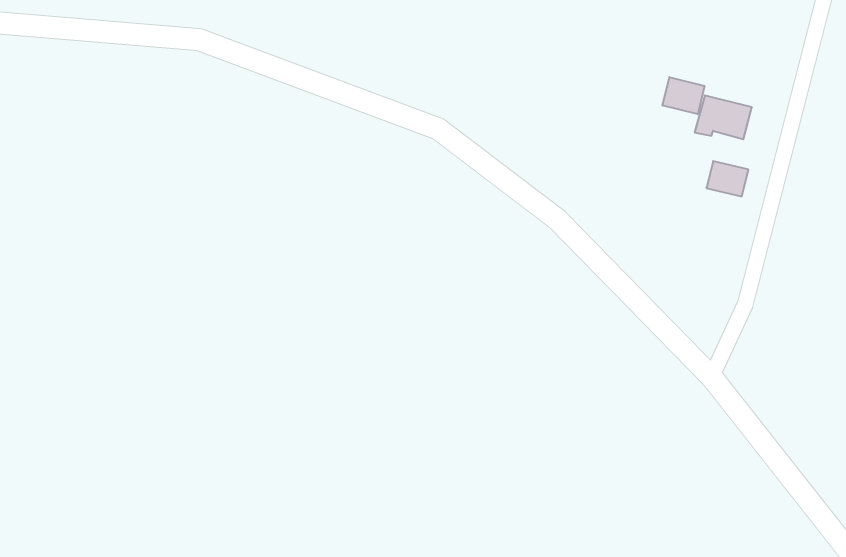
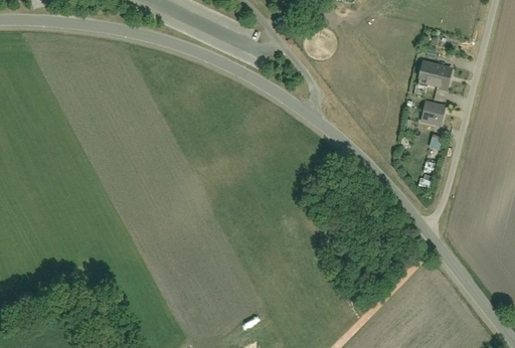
building: [663,77,705,114] -> none

